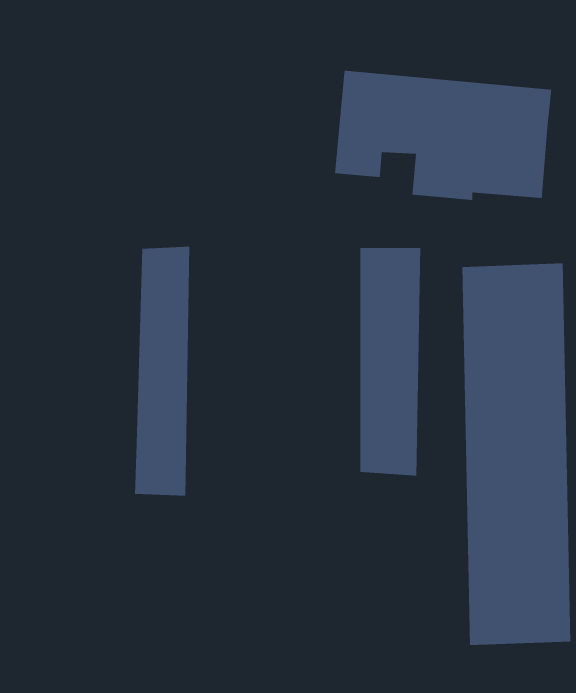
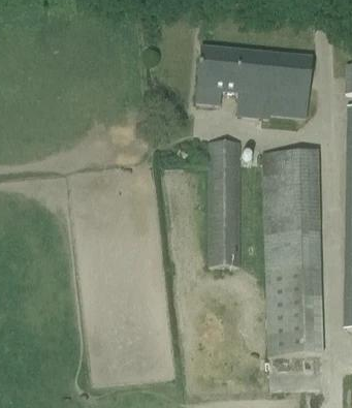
building: [134,246,190,496] -> none

